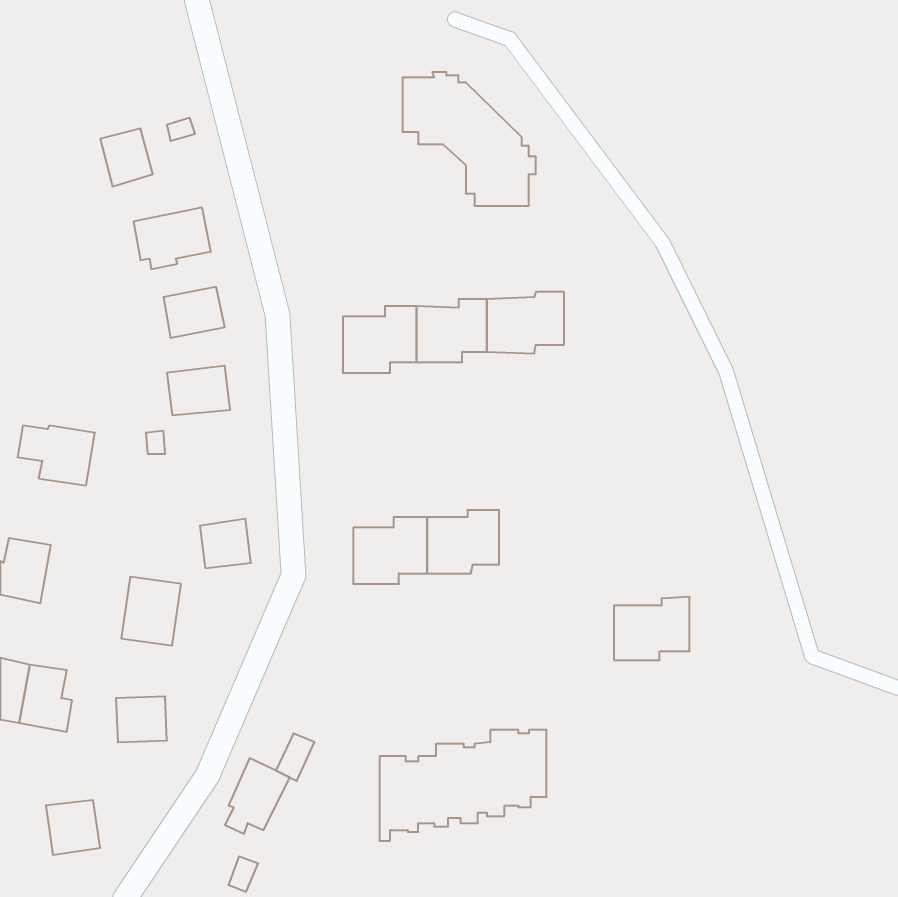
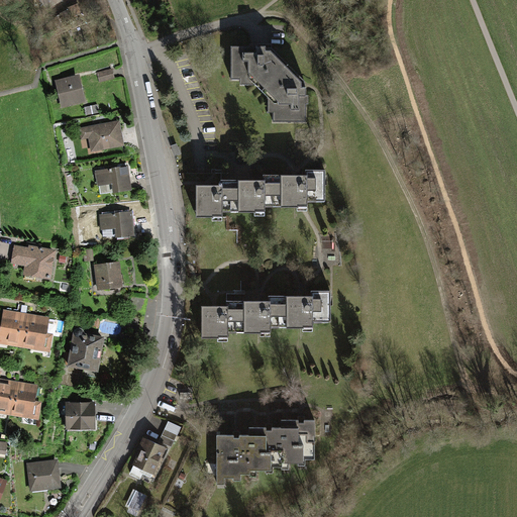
building: [200,519,251,568] -> [93,262,122,290]
building: none -> [23,314,53,352]
building: [614,597,690,660] -> [287,289,330,325]

